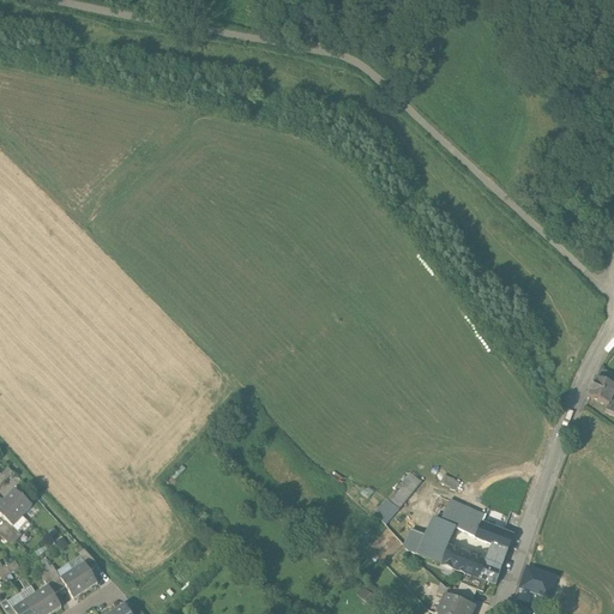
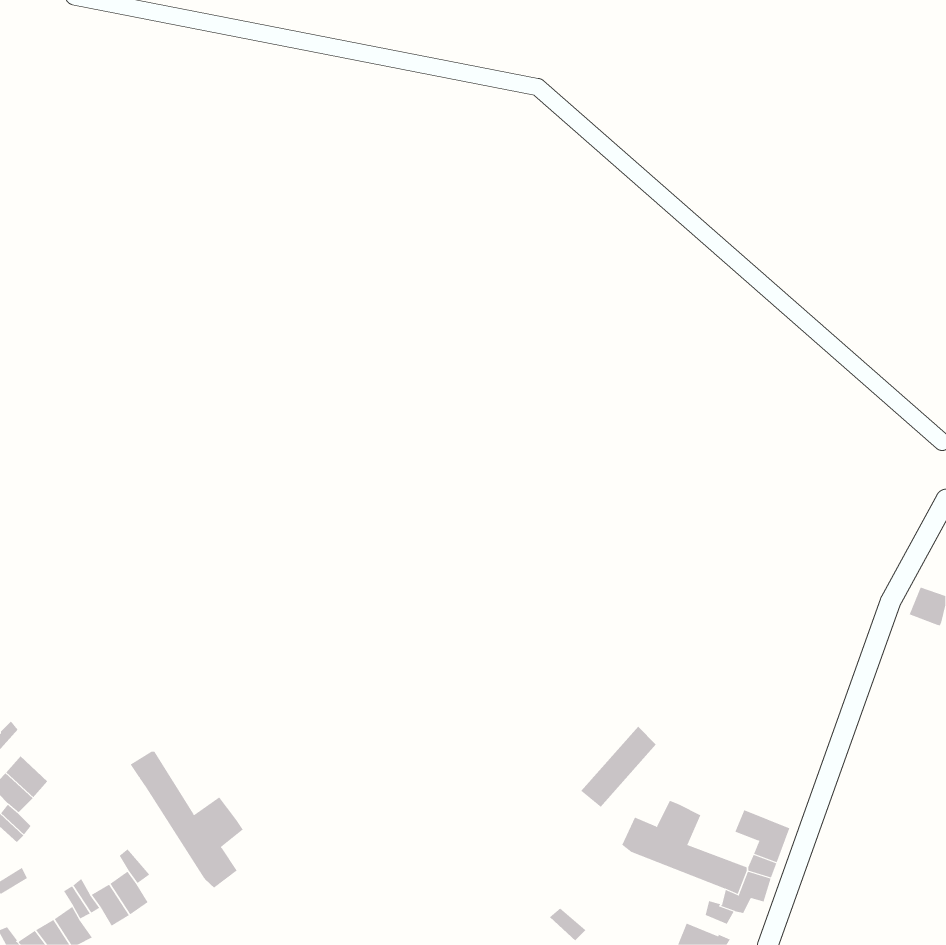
building: none -> [130,751,243,889]
building: [439,498,484,537] -> none
building: [518,567,554,596] -> none

